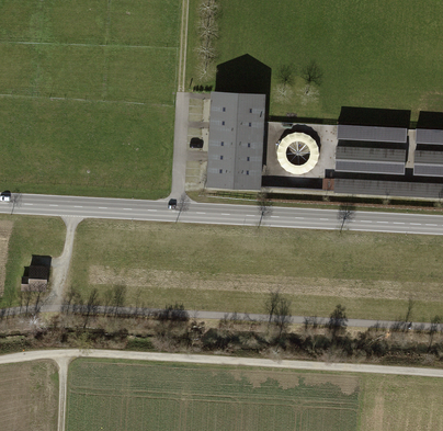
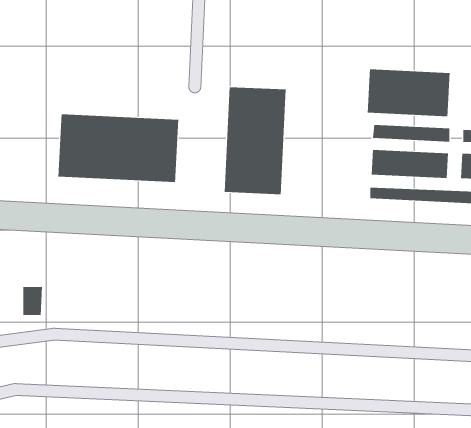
building: none -> [367,69,450,117]
building: none -> [58,114,179,183]

